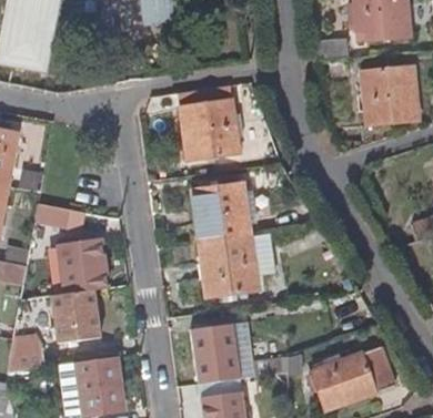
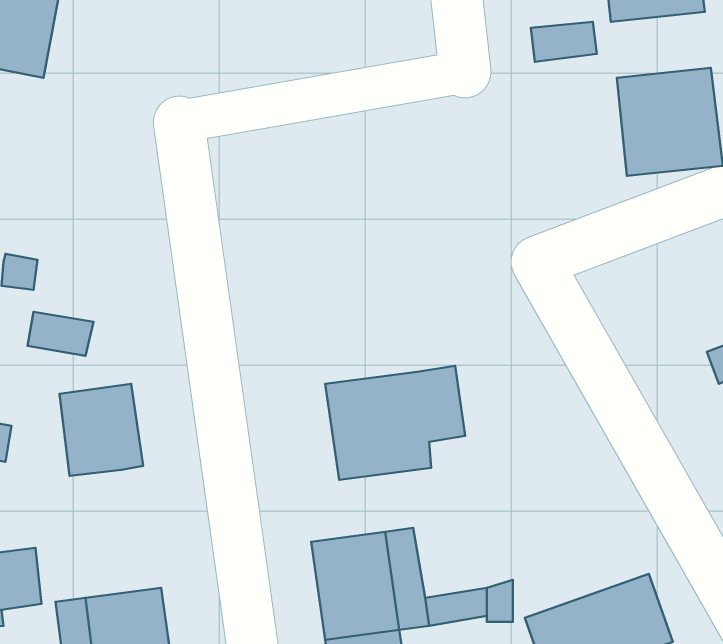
building: [178,83,242,160] -> none
building: [192,182,251,242] -> none
building: [44,289,92,341] -> none

